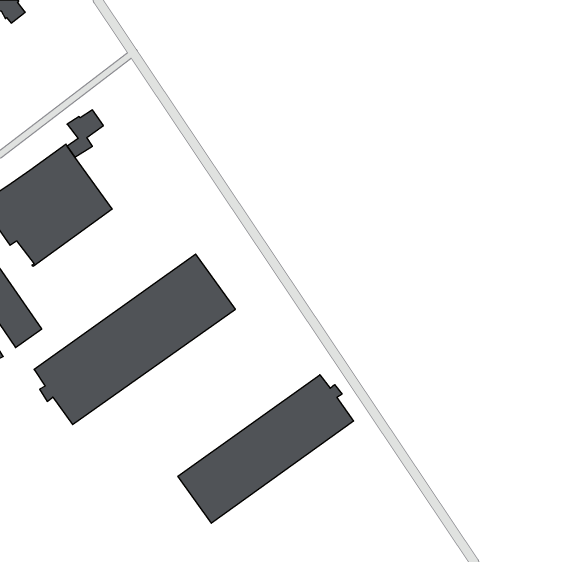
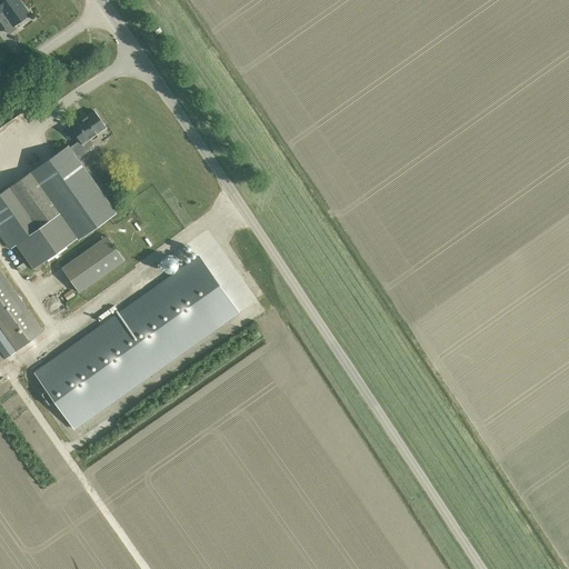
building: none -> [61,236,123,292]
building: [178,375,354,523] -> none

